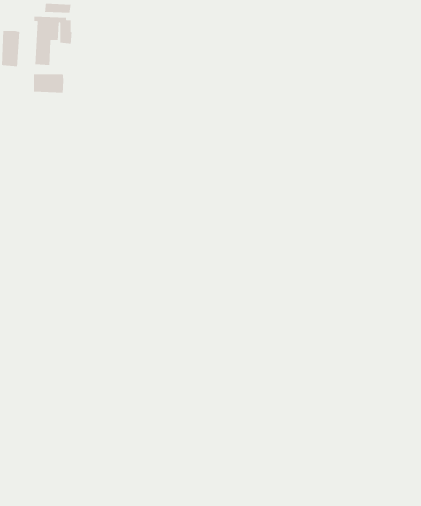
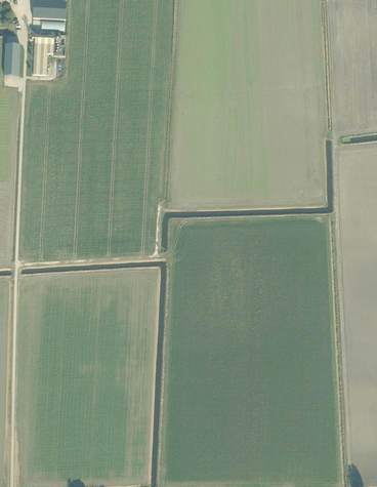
building: [33,74,64,93] -> none

